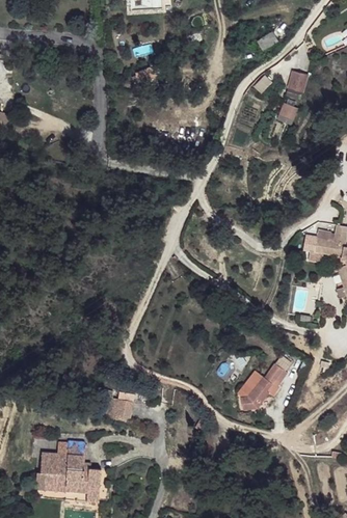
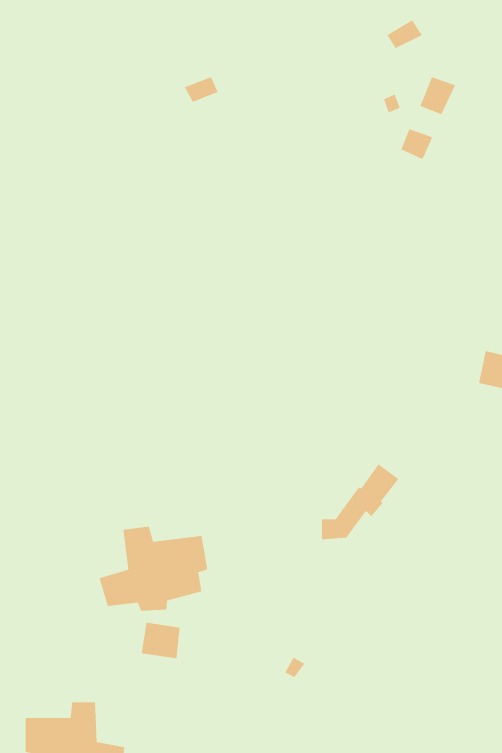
building: none -> [99,526,208,612]
building: [242,360,289,406] -> [321,463,399,540]

